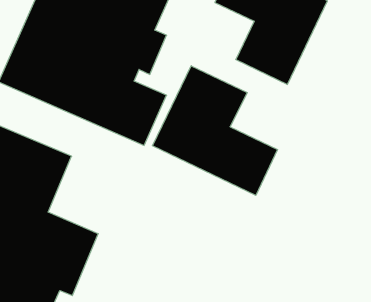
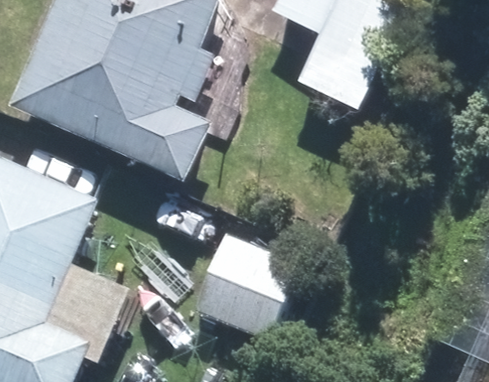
building: [153,66,277,195] -> none
building: none -> [193,232,300,342]

